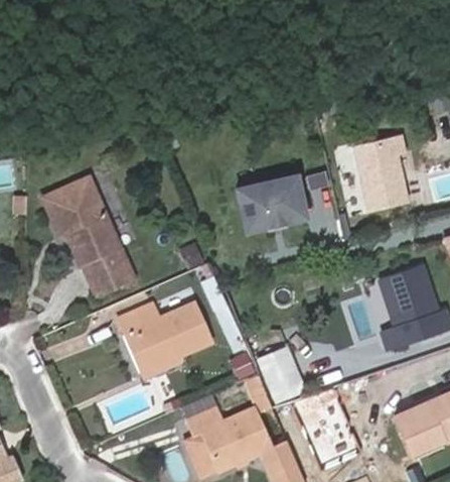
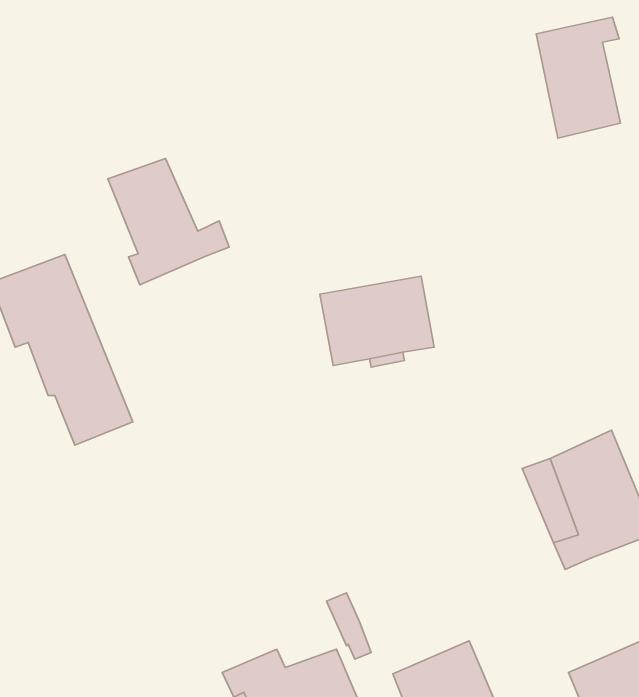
building: none -> [108,158,229,285]
building: [360,139,412,213] -> [536,17,621,138]
building: [116,293,211,365] -> none
building: [256,342,303,397] -> none

